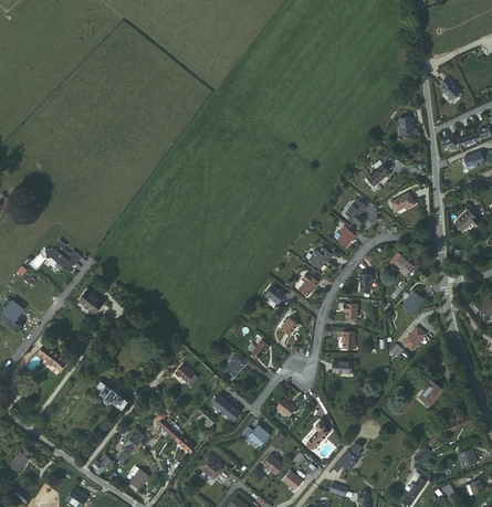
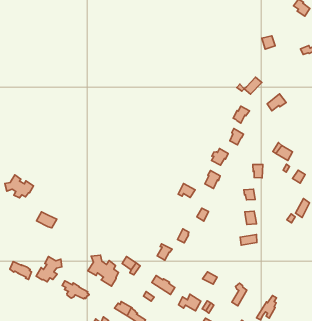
building: none -> [36,256,62,282]
building: none -> [88,255,118,286]

